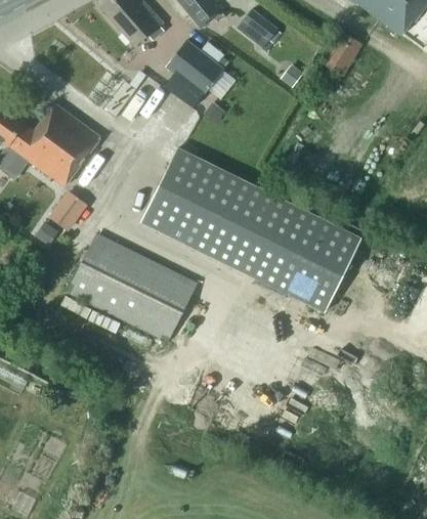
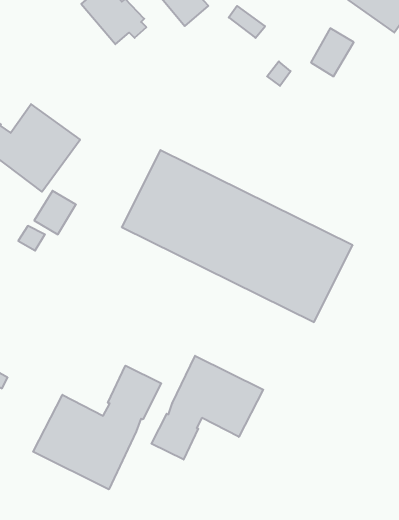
building: [166,40,223,95] -> none
building: [67,233,197,342] -> none
building: none -> [151,356,263,460]
building: none -> [33,366,161,489]

